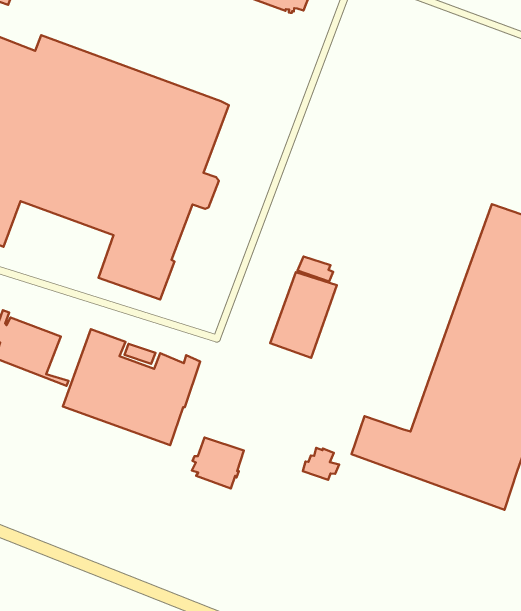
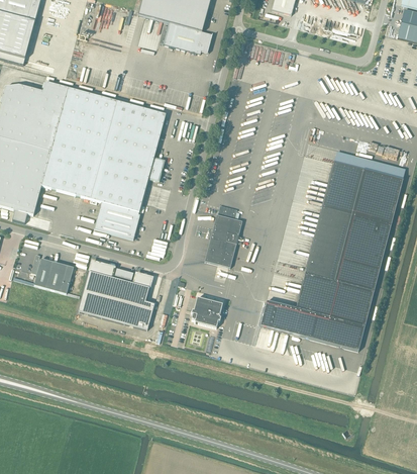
building: [192,437,244,488] -> [191,296,222,326]

